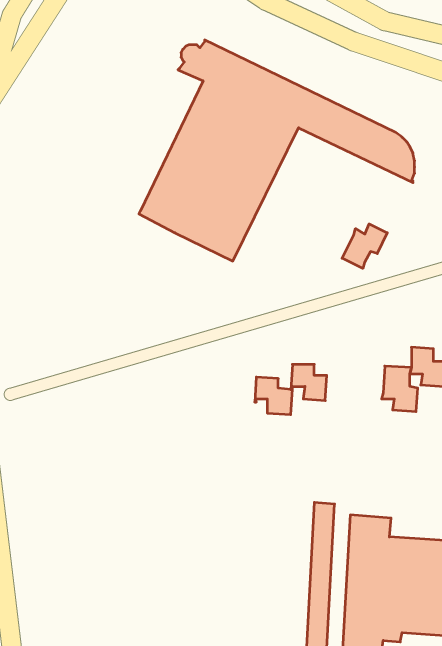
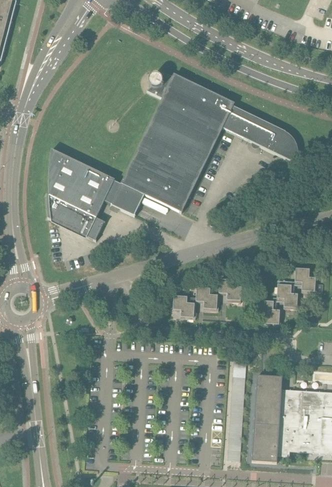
building: none -> [45,148,143,240]
building: [342,224,387,268] -> none
building: none -> [172,294,195,318]
building: none -> [258,296,280,323]

